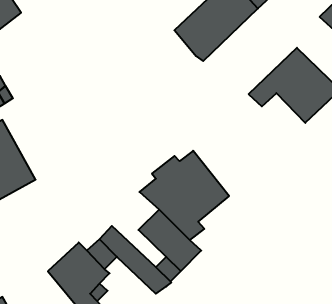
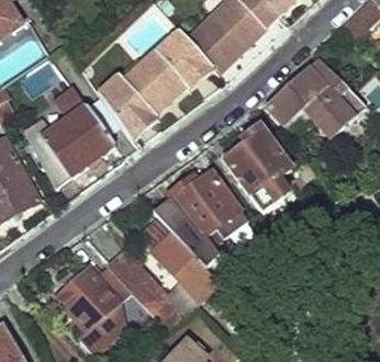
building: none -> [98,31,212,135]
building: none -> [25,83,113,180]
building: none -> [226,128,292,212]

